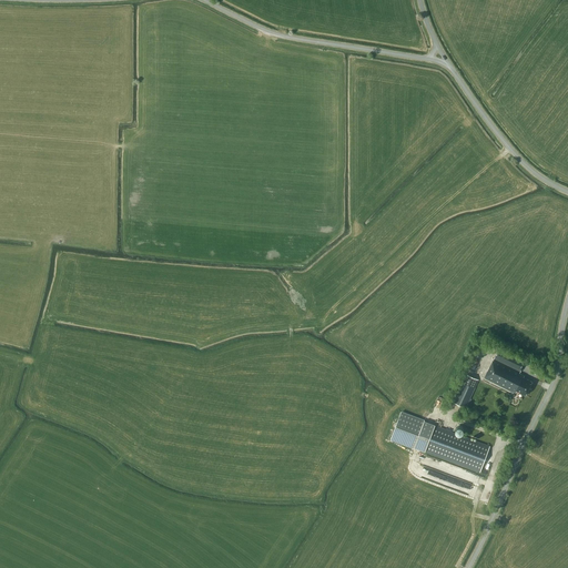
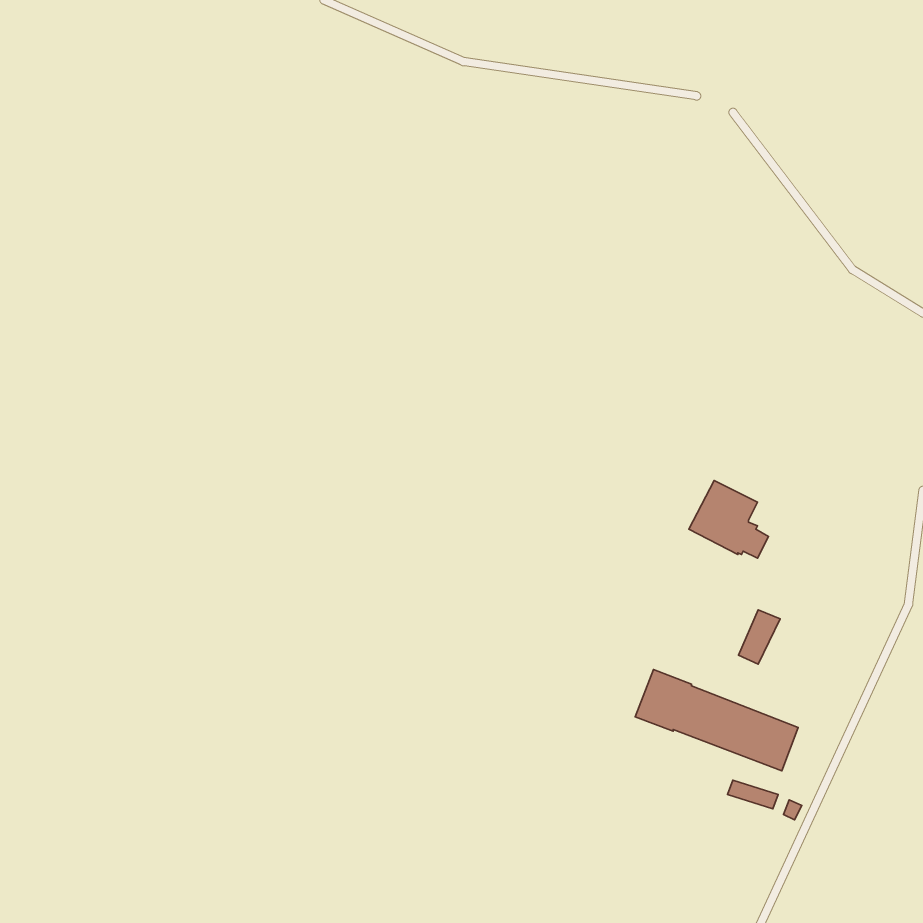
building: [483,349,531,397] -> [689,480,768,558]

